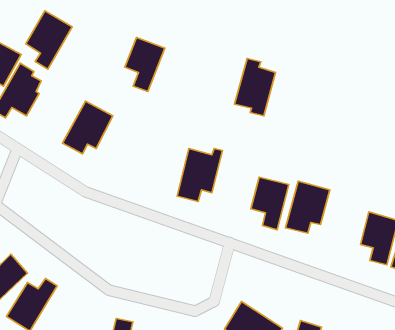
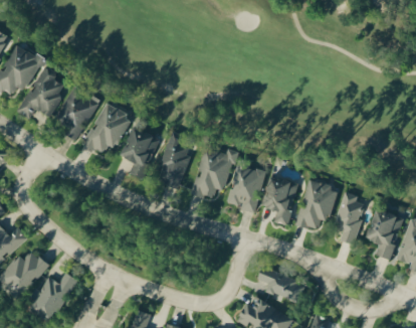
building: [26,11,72,69] -> [54,86,98,141]
building: [125,38,165,91] -> [121,128,159,179]
building: [234,59,276,116] -> [226,159,265,213]
building: none -> [154,138,193,189]
building: none -> [334,193,367,244]
building: none -> [258,268,305,304]

